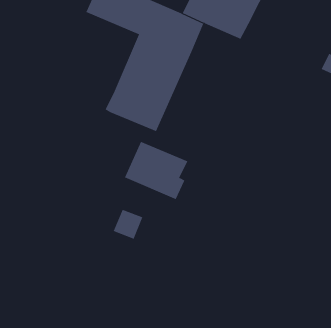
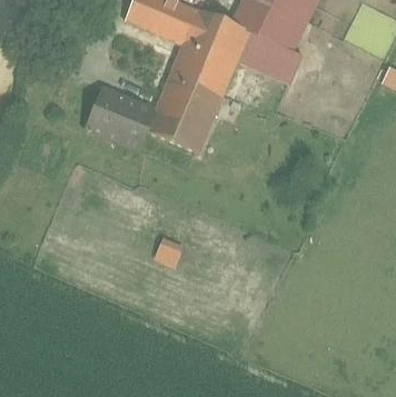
building: none -> [240,31,304,85]
building: [124,141,188,200] -> [83,86,154,150]

